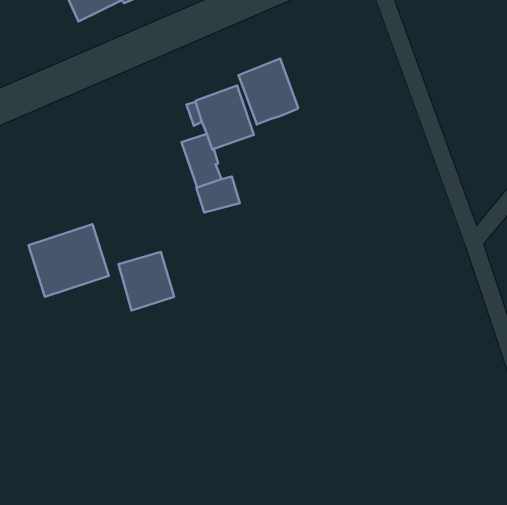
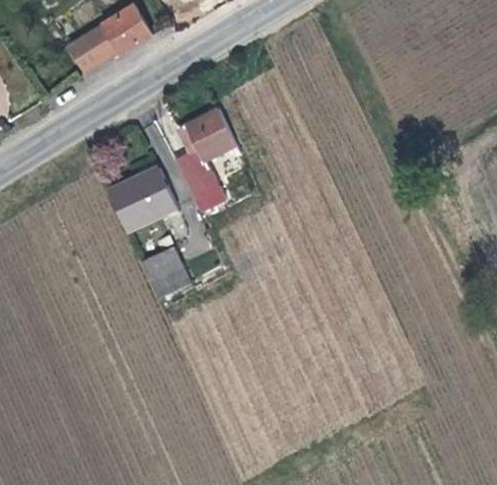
building: [239,58,298,124] -> none
building: [28,224,109,297] -> [109,167,175,230]

